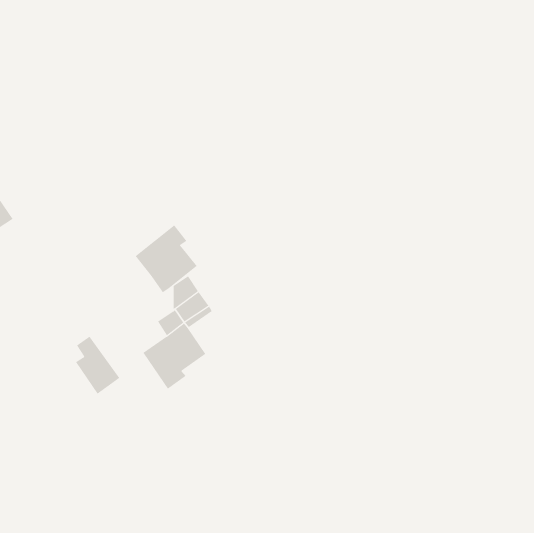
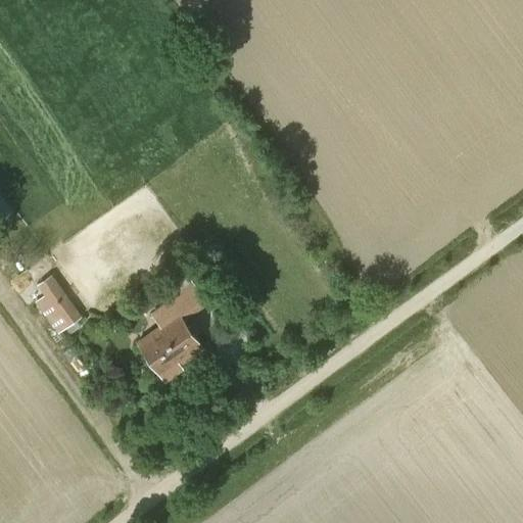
building: [135,224,197,293] -> none
building: [75,336,120,395] -> [37,277,81,334]

